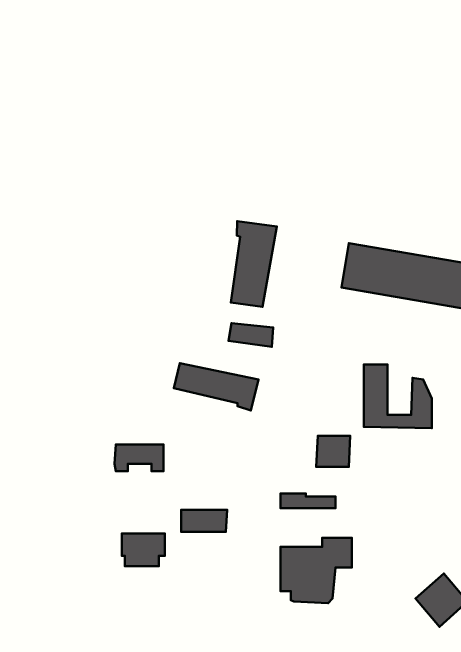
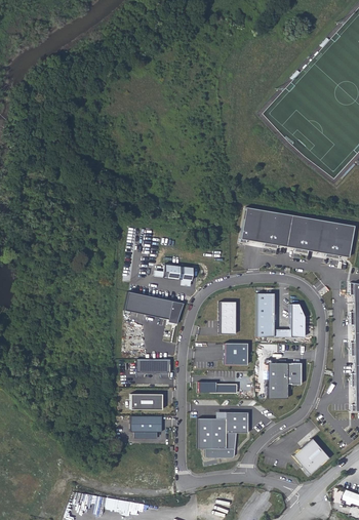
building: [231,221,277,307] -> none
building: none -> [221,302,236,333]
building: [114,445,163,471] -> [135,357,169,375]
building: none -> [269,362,302,398]
building: [122,533,165,566] -> [132,415,162,438]

